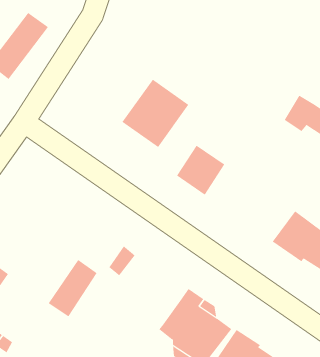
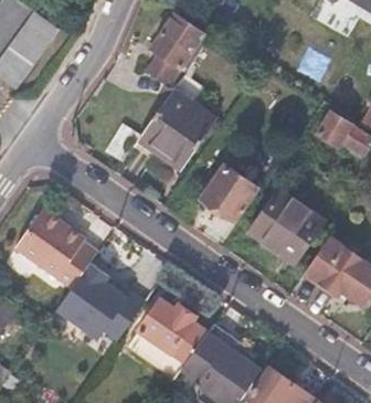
building: none -> [149,15,204,86]
building: none -> [251,191,322,263]
building: none -> [13,211,94,289]
building: none -> [138,297,206,362]

